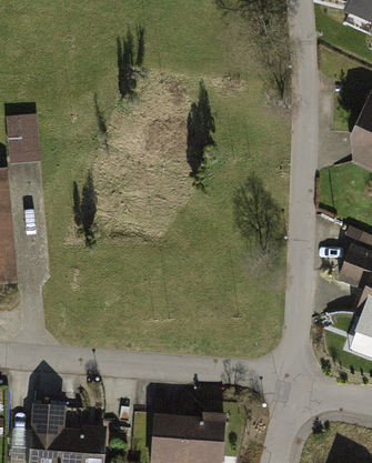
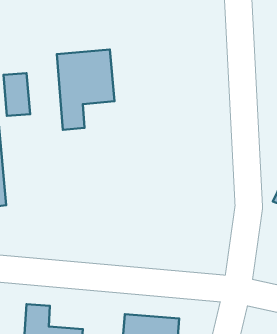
building: none -> [57,49,114,130]

